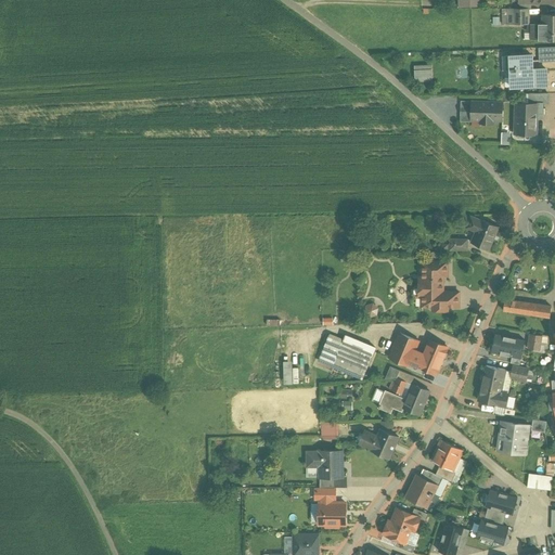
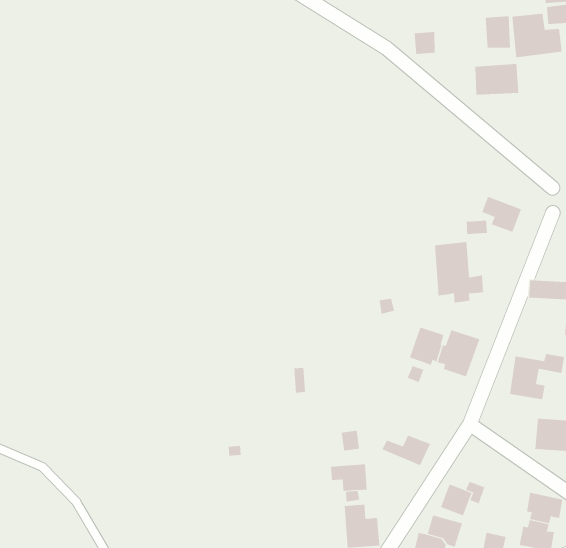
building: [513,106,535,135] -> [485,16,511,48]
building: [318,334,374,380] -> none
building: [489,334,525,359] -> none
building: [375,380,434,417] -> none
building: [427,438,463,473] -> none

